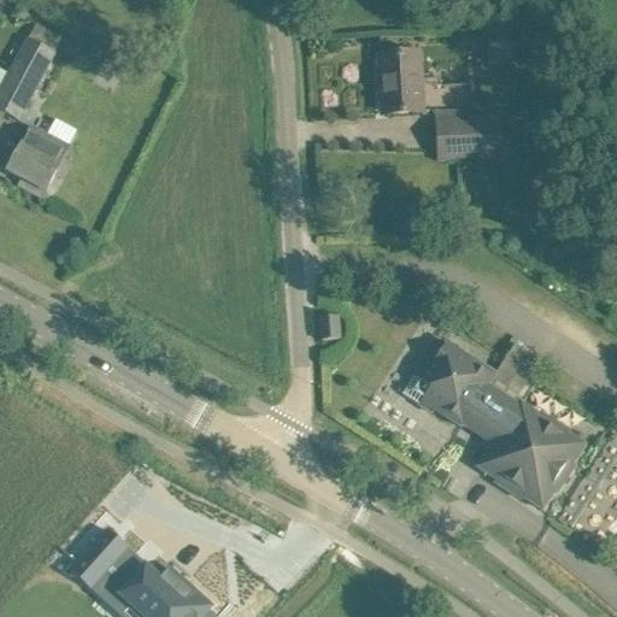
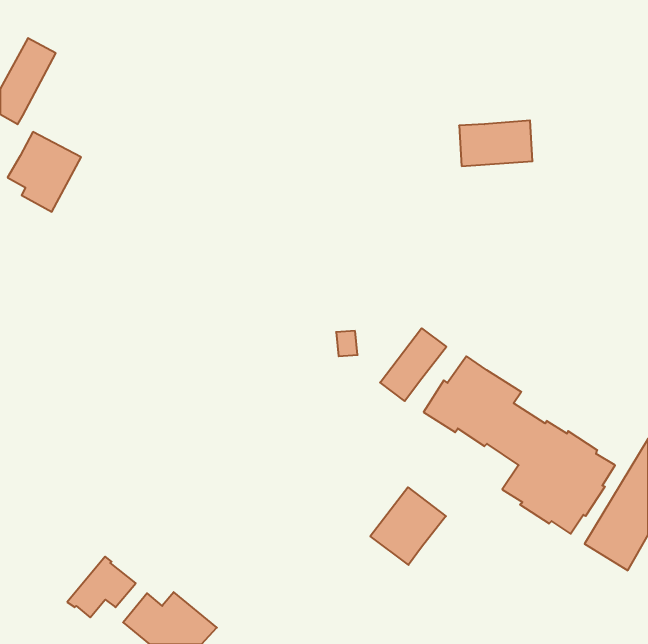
building: [380,52,427,112] -> none
building: none -> [380,328,446,401]
building: none -> [370,487,446,565]

